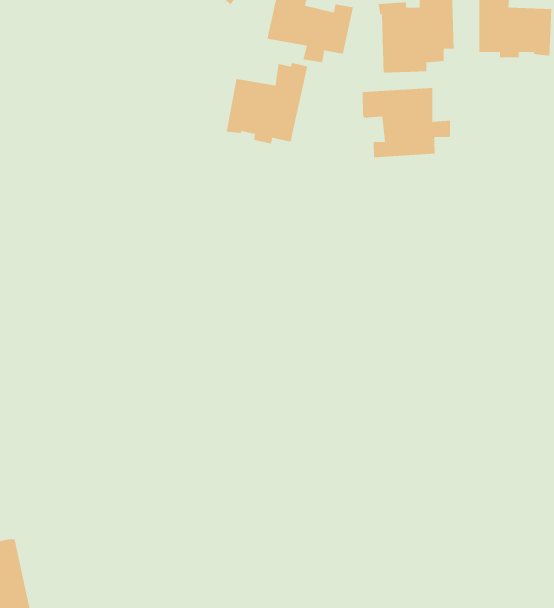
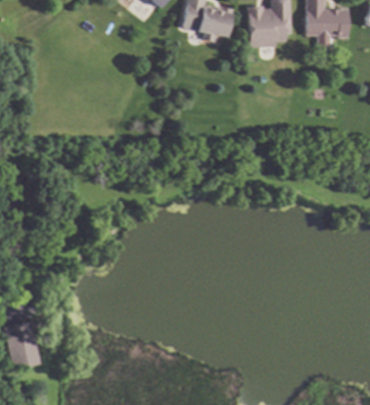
building: [226,62,308,144] -> none
building: [362,87,451,158] -> none

